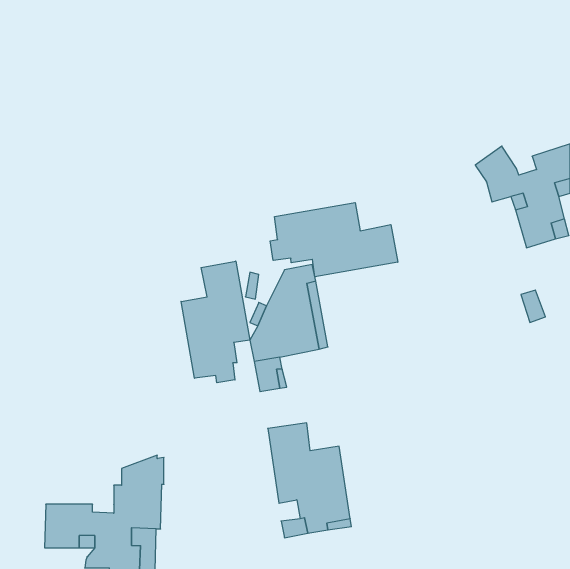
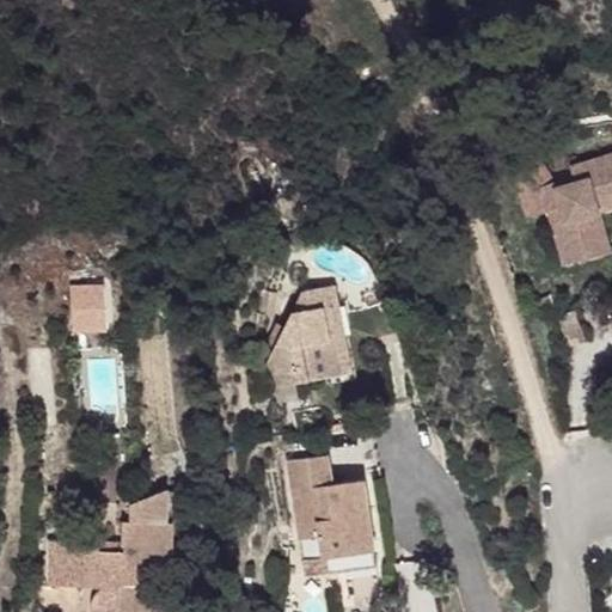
building: [270,203,398,277] -> none
building: [181,261,250,383] -> none
building: none -> [67,287,106,333]

